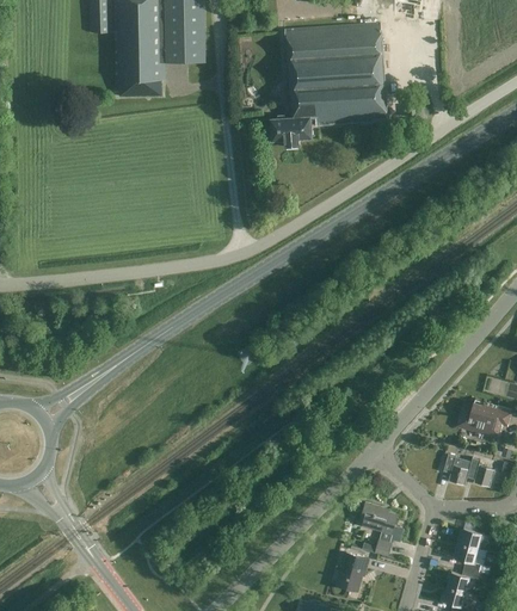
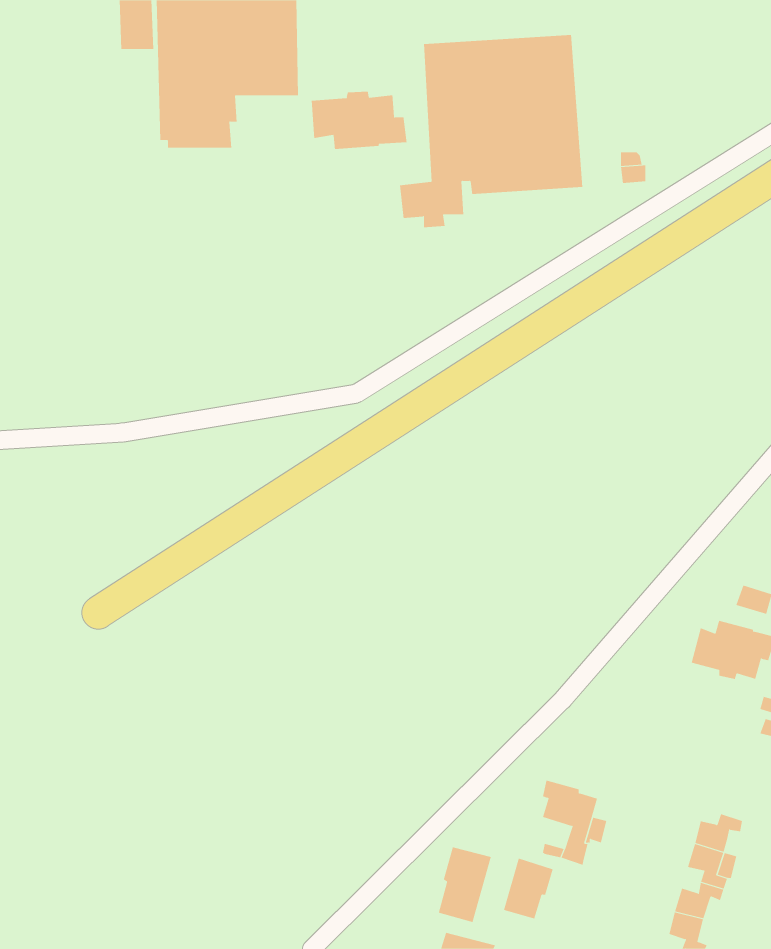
building: none -> [311,91,407,150]
building: [443,453,496,486] -> none
building: none -> [438,847,492,923]

